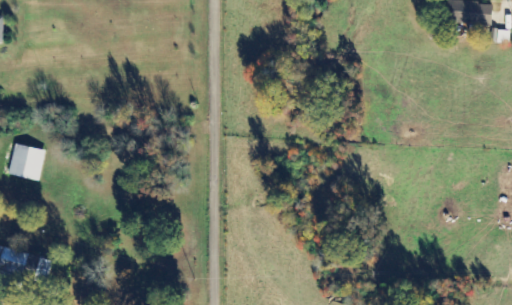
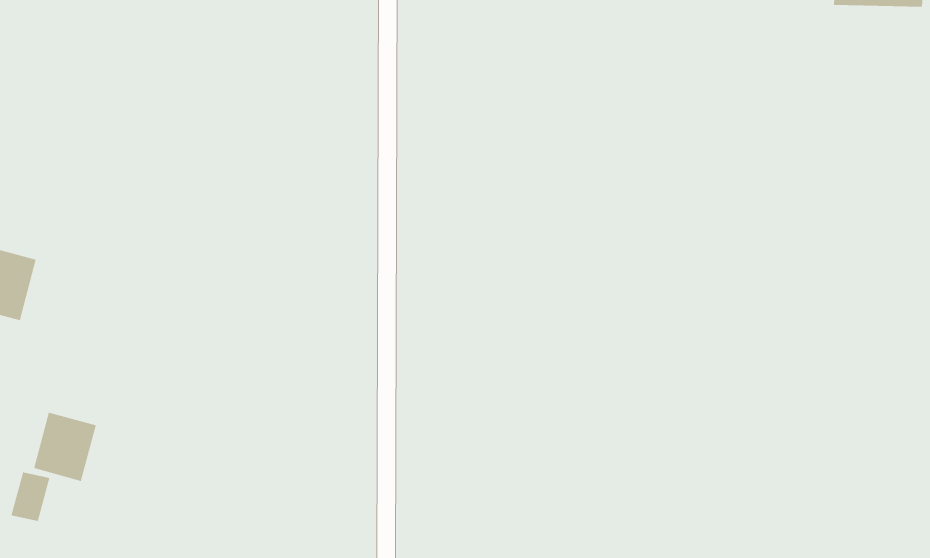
building: none -> [33,412,96,482]

